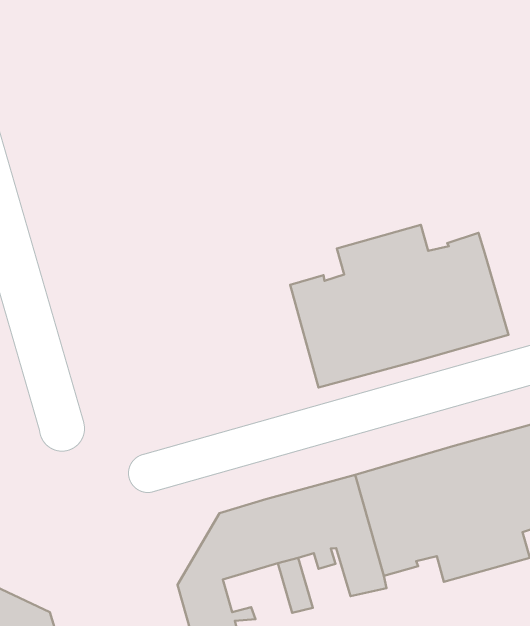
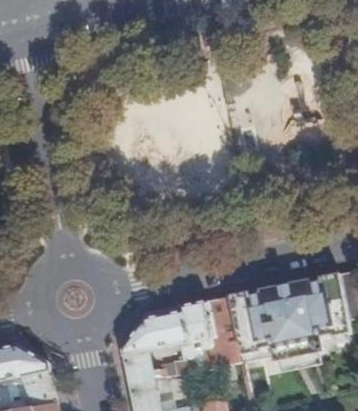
building: [290,225,509,387] -> none

